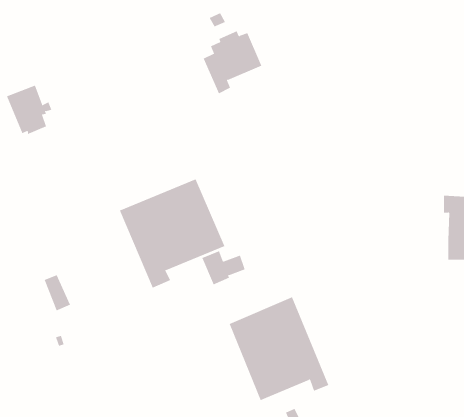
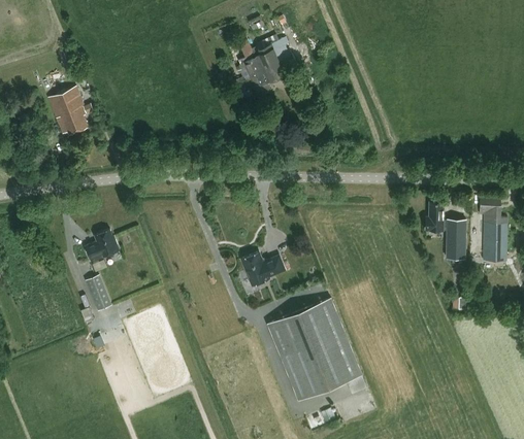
building: [119,179,225,288] -> none
building: none -> [425,203,465,260]
building: none -> [84,230,119,261]

